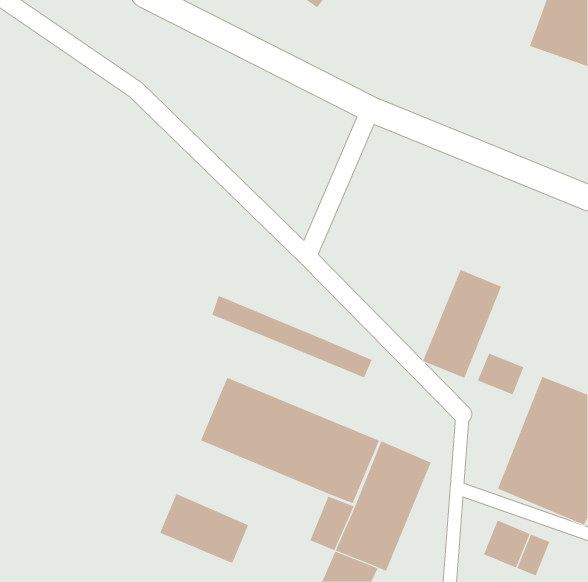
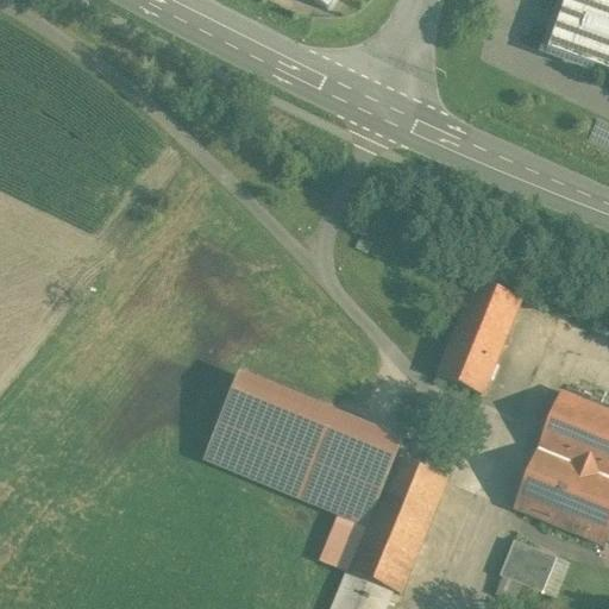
building: [211,295,373,378] -> [234,370,401,456]
building: [477,353,524,395] -> none
building: [159,493,249,564] -> none

